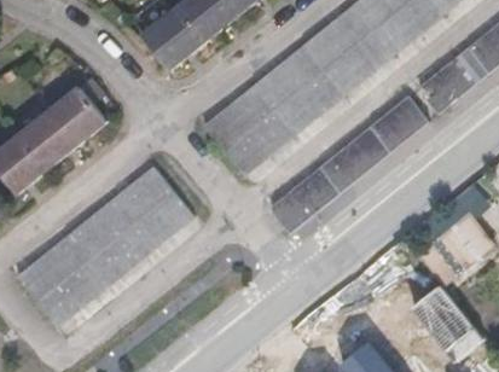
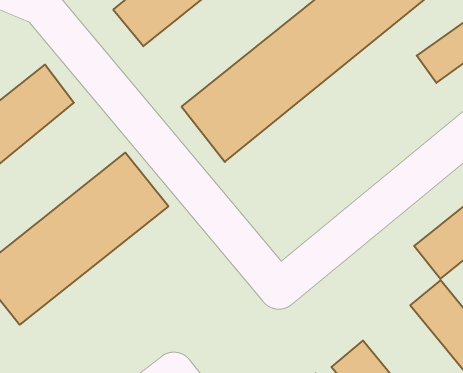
building: [267,91,428,236] -> none

